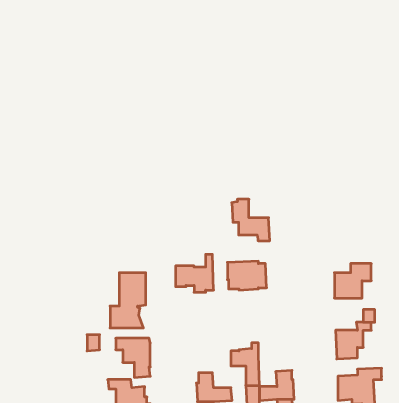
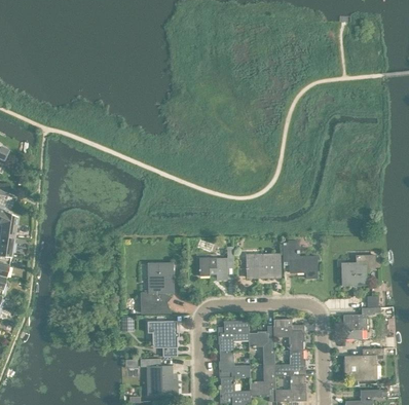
building: [232,199,270,241] -> [283,241,317,278]
building: none -> [273,319,304,352]
building: none -> [217,320,249,353]

